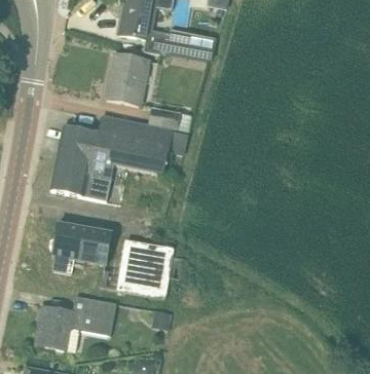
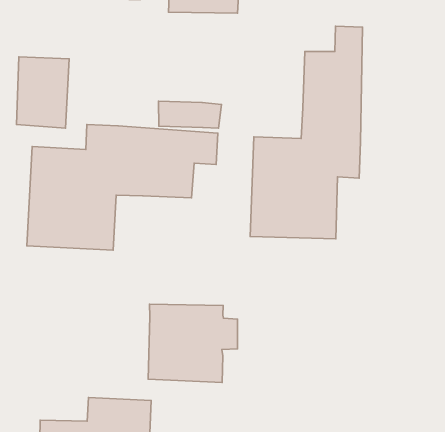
building: [106,53,147,105] -> [17,57,69,128]
building: none -> [250,26,363,239]
building: [51,223,110,272] -> none

